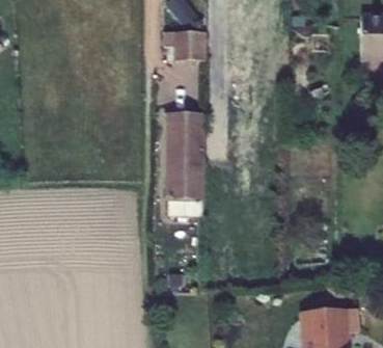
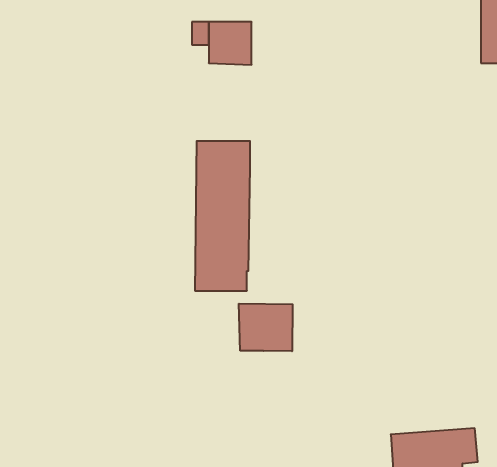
building: none -> [239,304,293,351]

